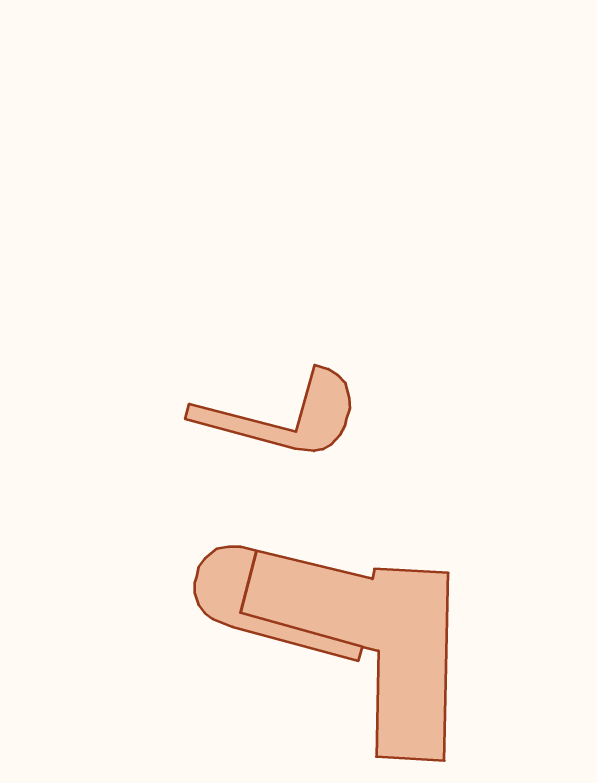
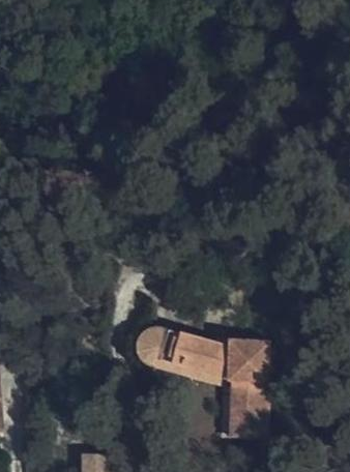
building: [185,365,350,451] -> none

